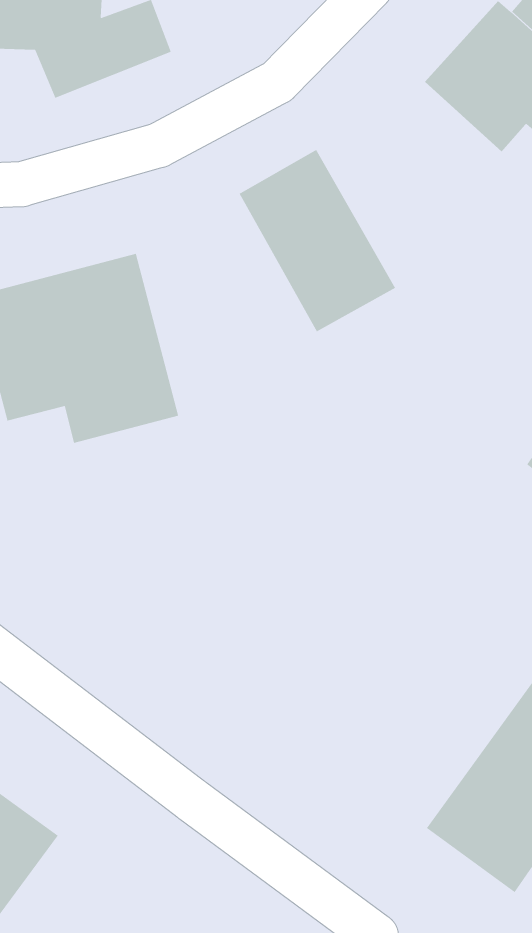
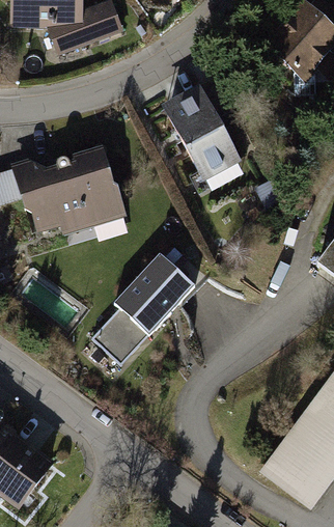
building: none -> [93,251,196,362]

